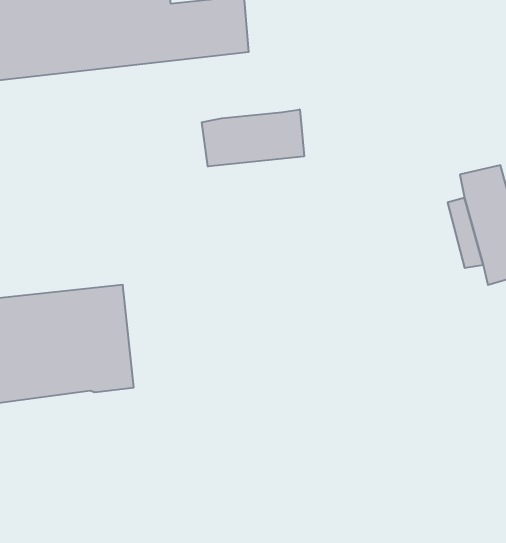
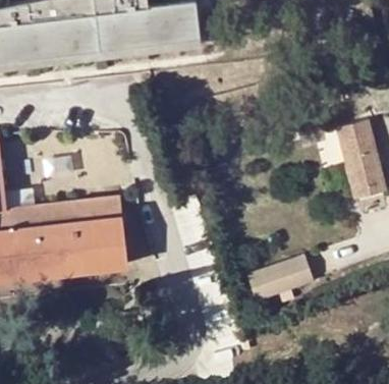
building: [202,109,304,167] -> none
building: none -> [249,253,314,297]

